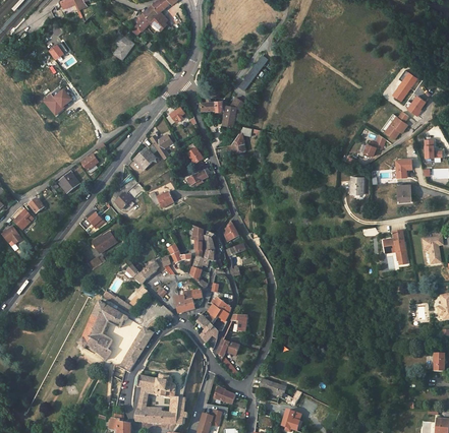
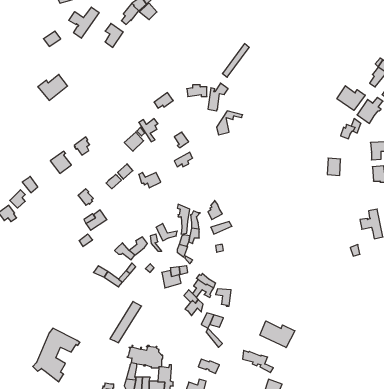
building: none -> [69,7,99,38]
building: none -> [337,86,365,110]
building: [78,302,128,359] -> [33,328,80,382]
building: none -> [260,321,295,348]

